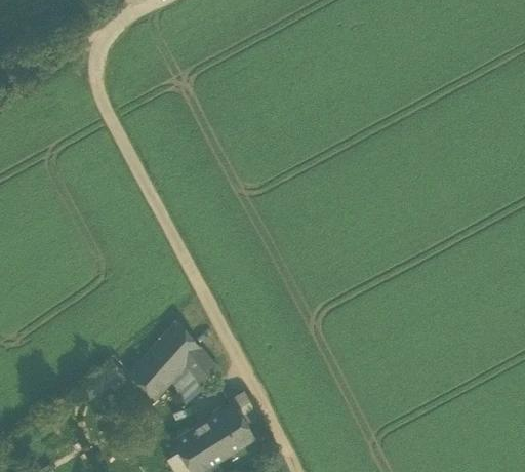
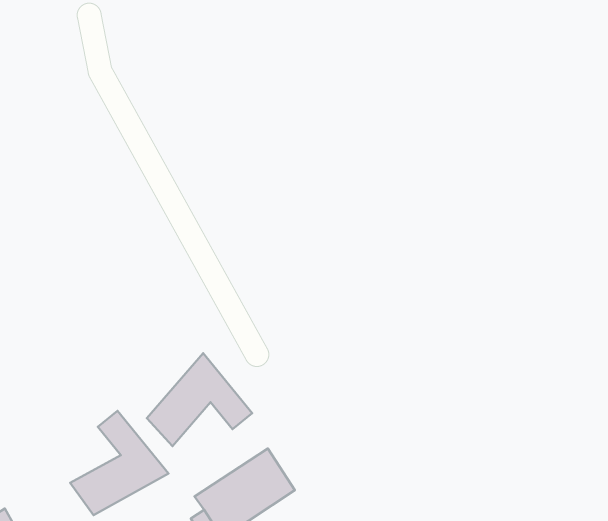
building: none -> [70,411,168,515]

